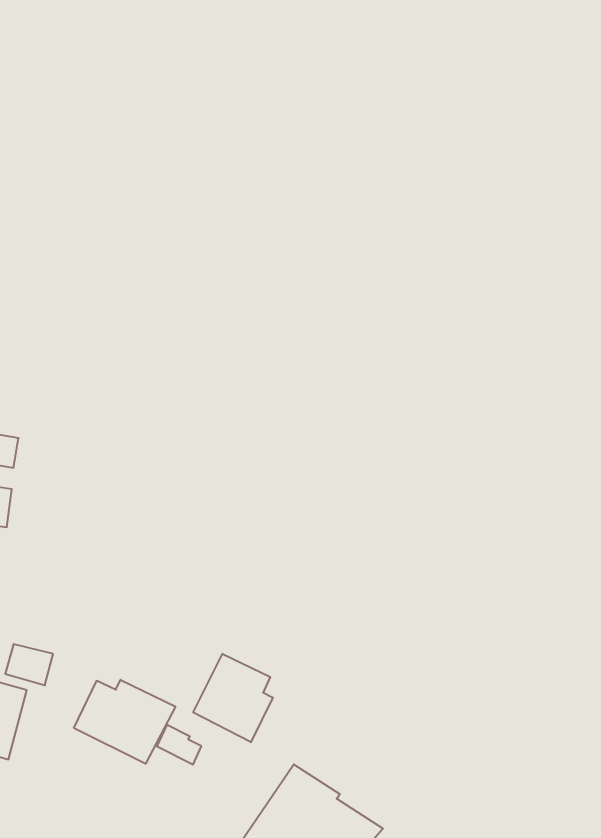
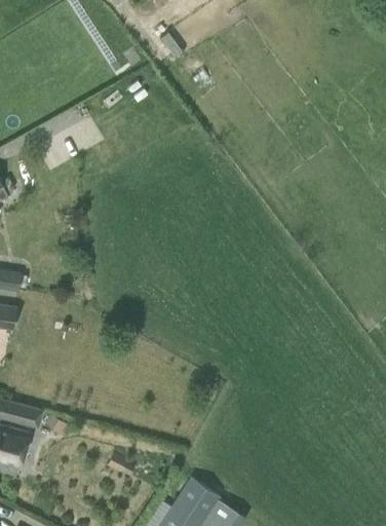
building: [193,654,273,742] -> none
building: [74,680,175,764] -> none

